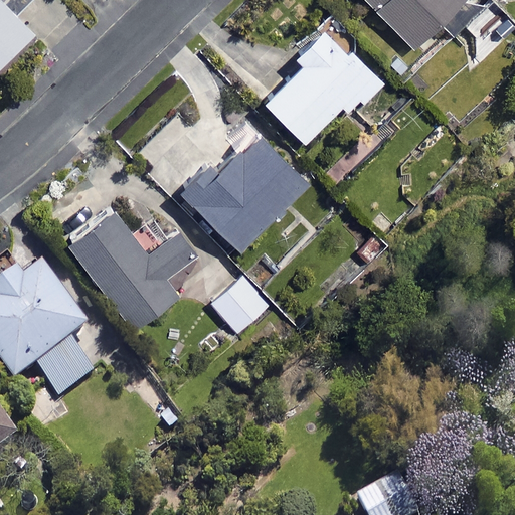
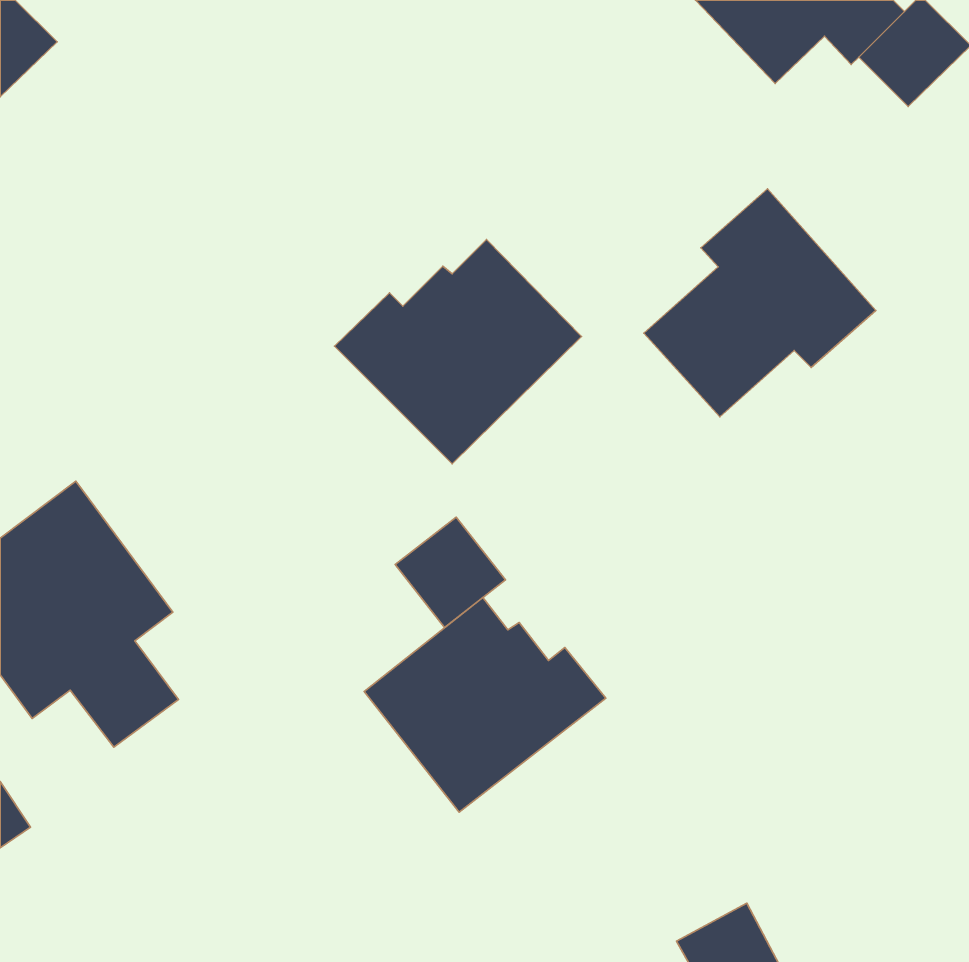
building: [262,21,384,142] -> [644,189,876,417]
building: [65,206,194,329] -> none
building: none -> [364,598,606,812]

